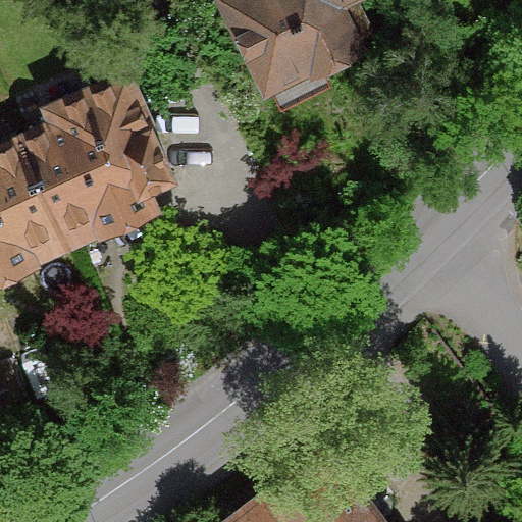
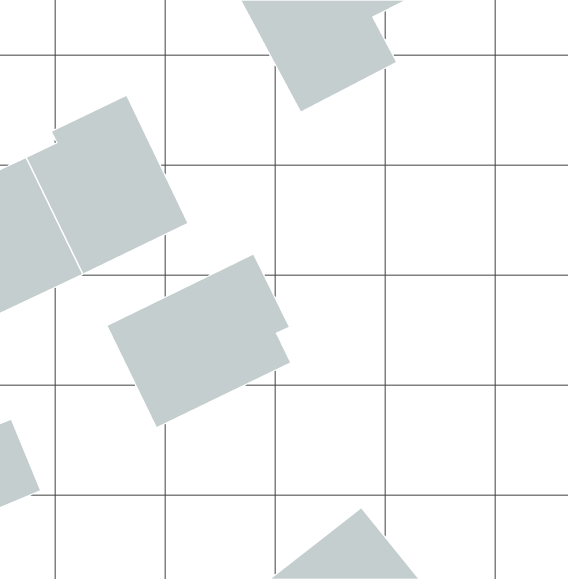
building: none -> [107,254,291,428]

